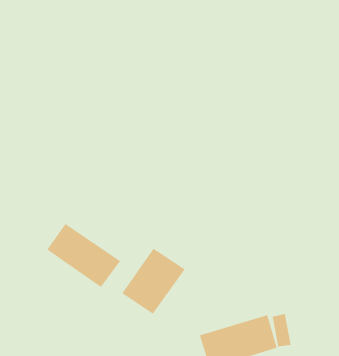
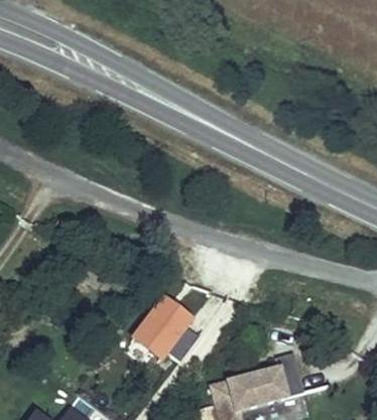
building: [47,223,121,288] -> none

